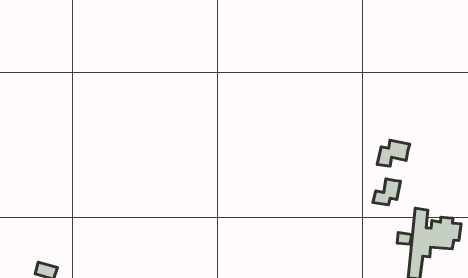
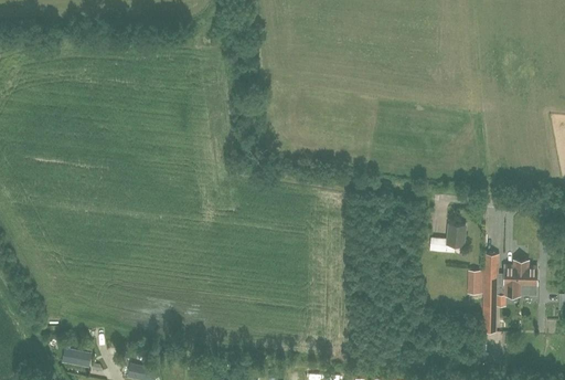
building: [377,140,410,166] -> none

